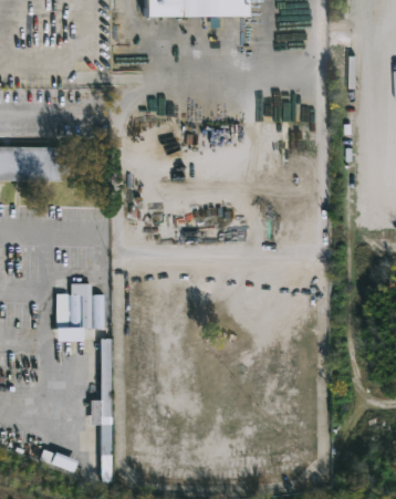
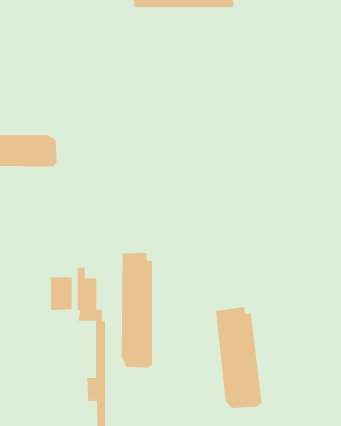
building: none -> [121,252,153,368]
building: none -> [215,306,262,409]

